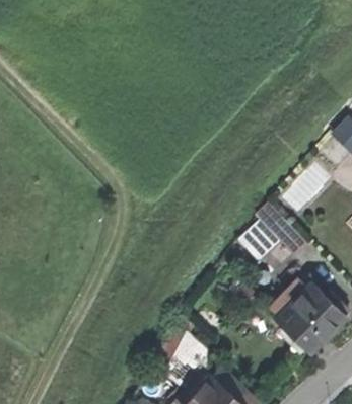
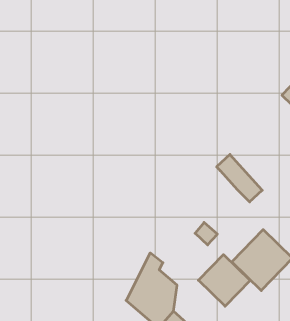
building: [239,218,280,259] -> none
building: none -> [198,255,250,306]

